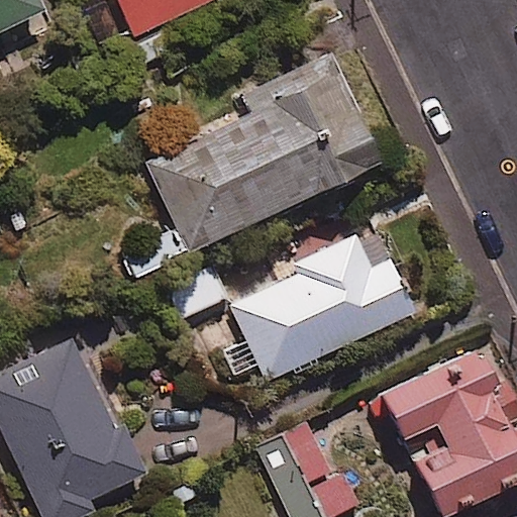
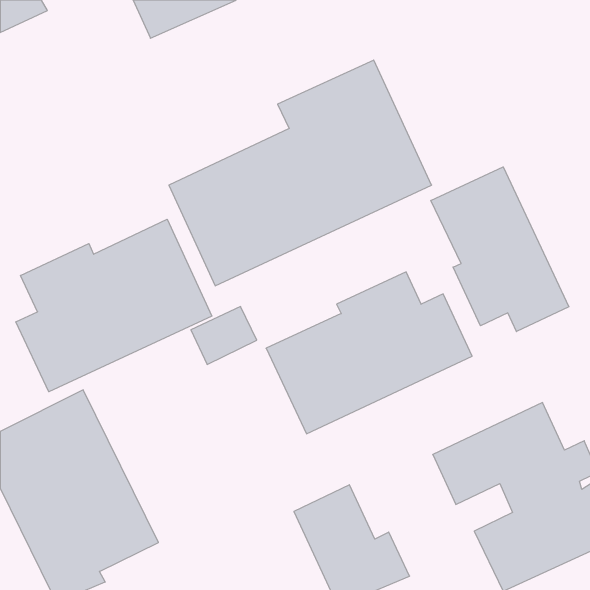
building: none -> [431,167,569,332]
building: none -> [16,219,212,392]

